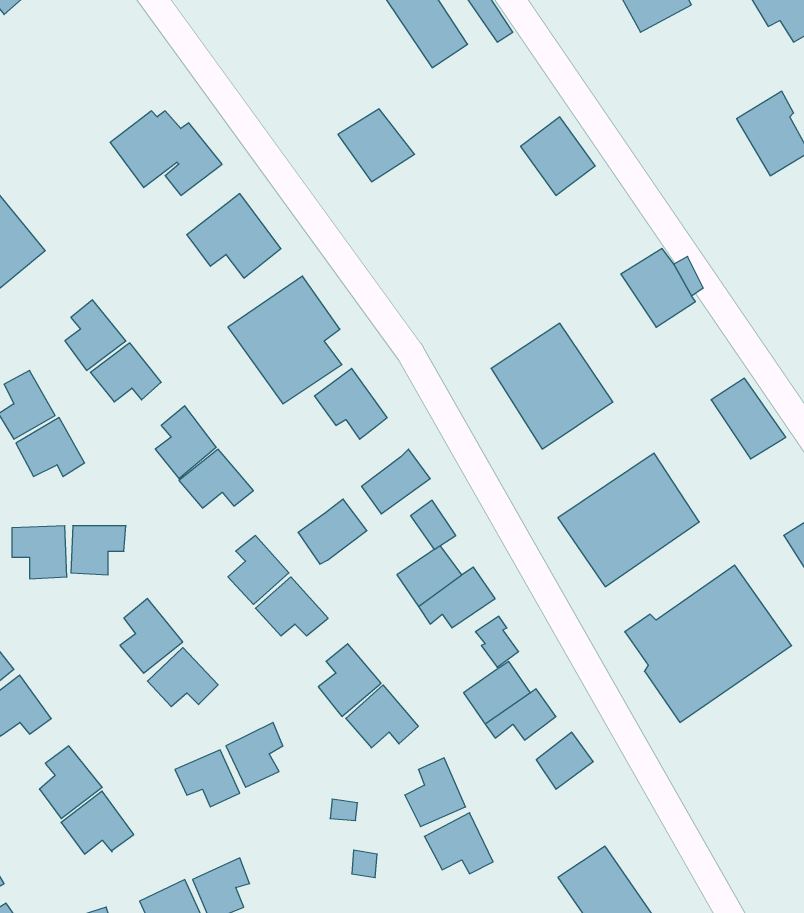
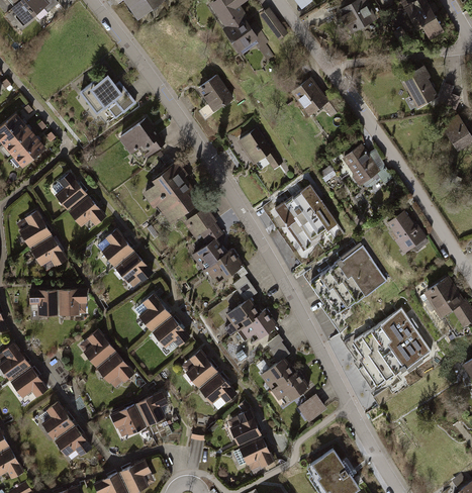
building: none -> [239,127,283,170]
building: [298,499,367,564] -> [193,237,228,271]

